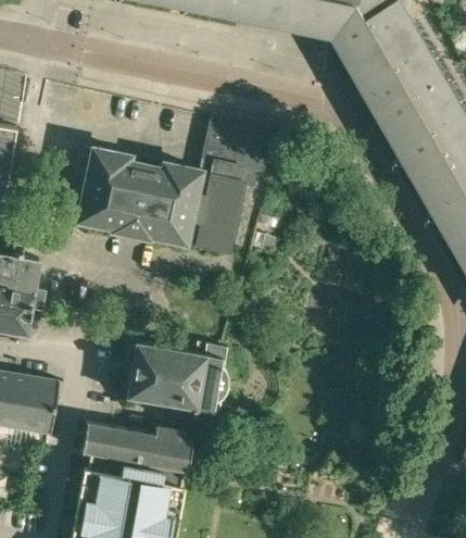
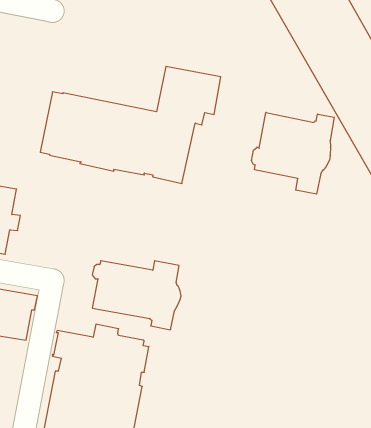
building: none -> [252,112,334,194]

